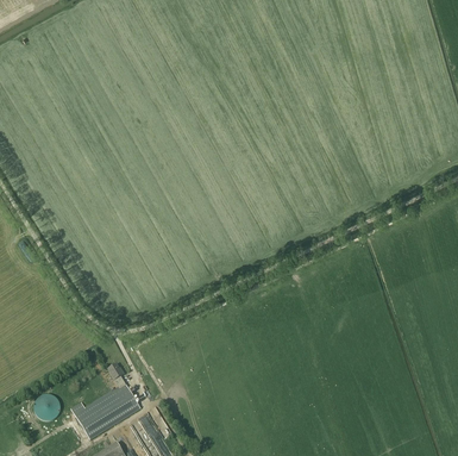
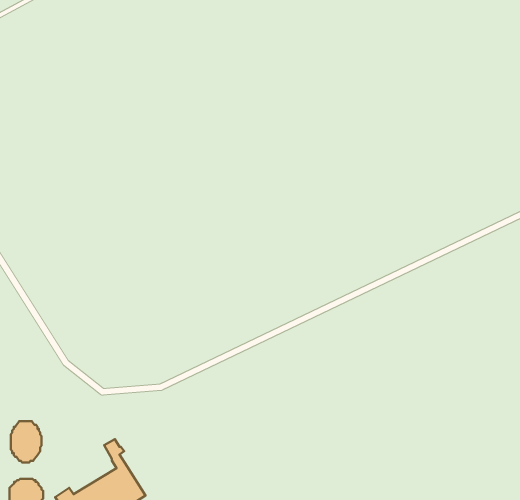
building: none -> [11,421,42,463]

